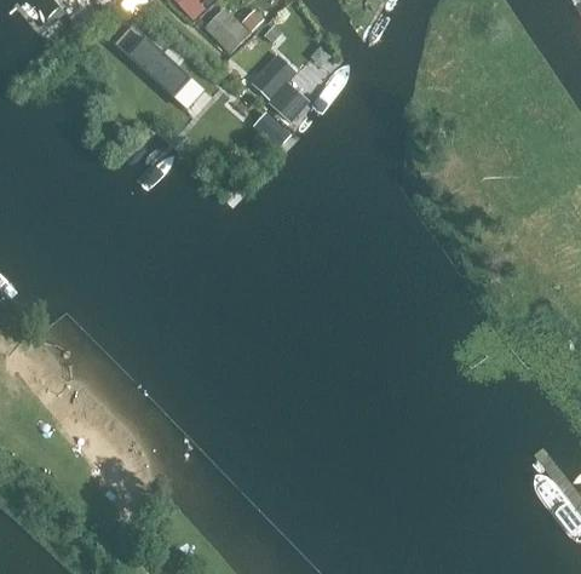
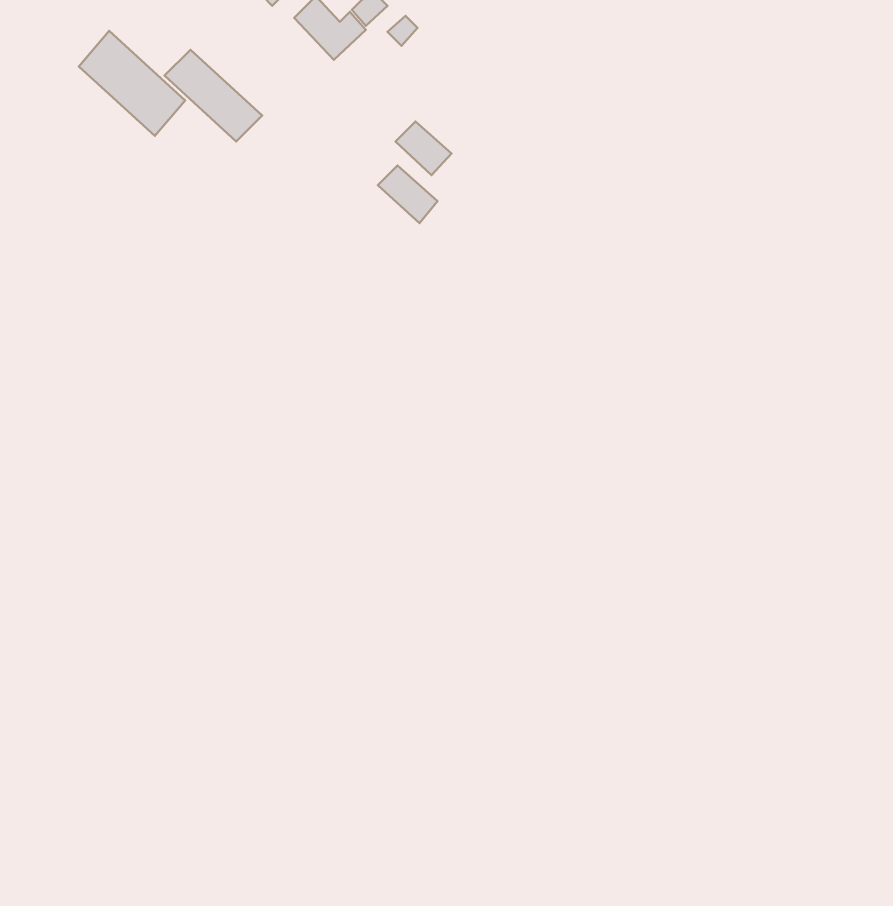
building: none -> [79,31,185,136]
building: [252,52,297,97] -> none

